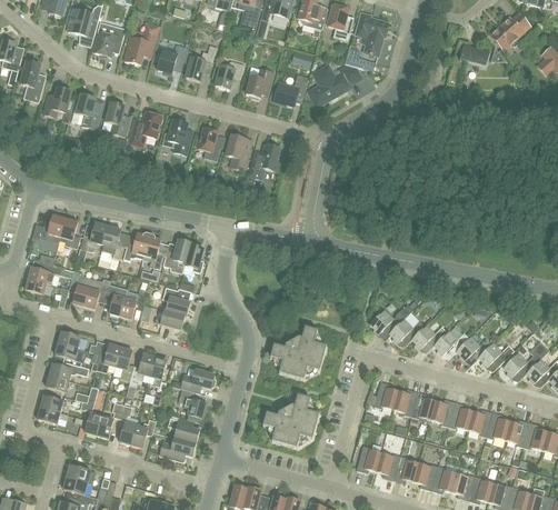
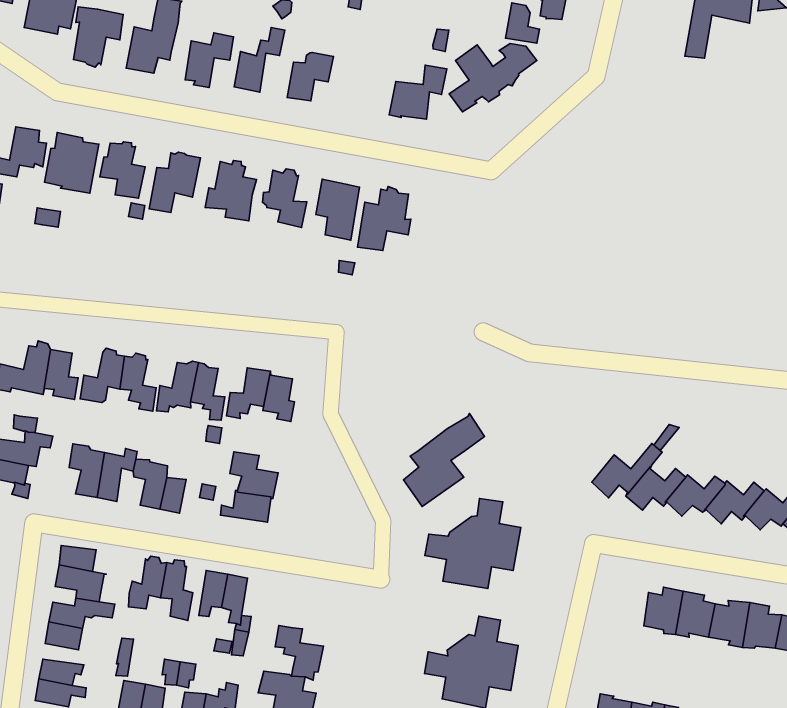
building: [245,68,273,98] -> none
building: none -> [404,413,484,507]
building: [171,368,215,392] -> none
building: [371,380,396,408] -> none

